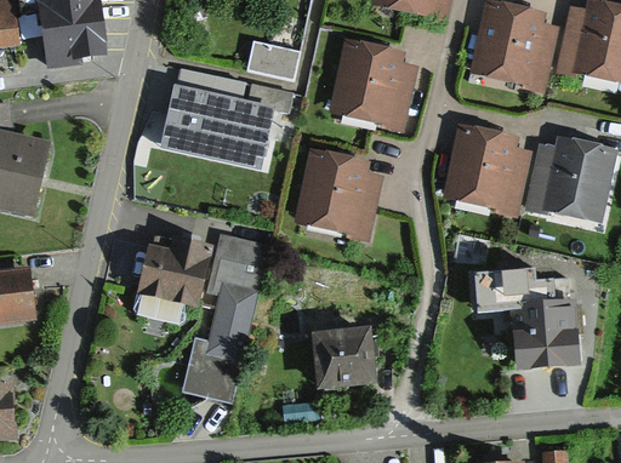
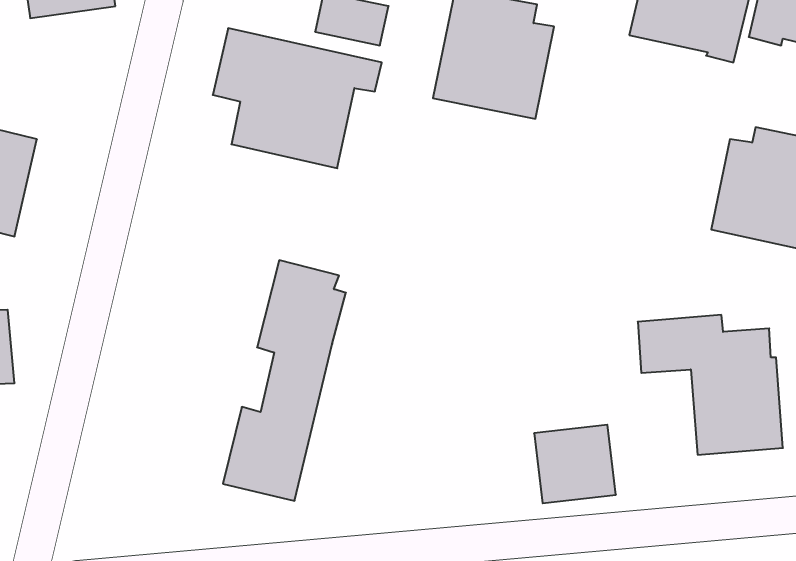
building: [443,125,531,215] -> none
building: [295,149,382,236] -> none
building: [132,235,211,322] -> none
building: [319,335,377,390] -> [534,425,616,503]

